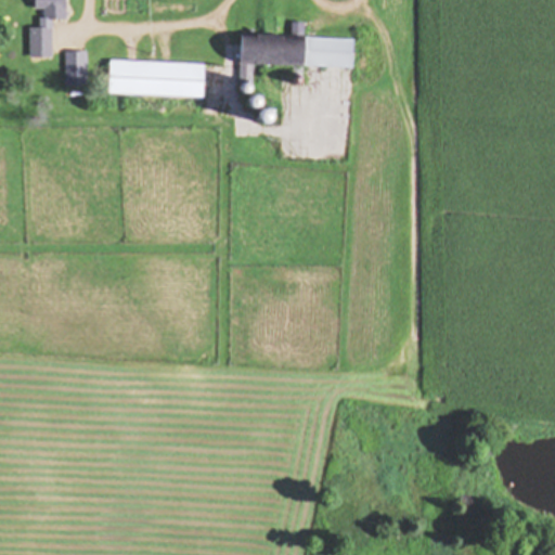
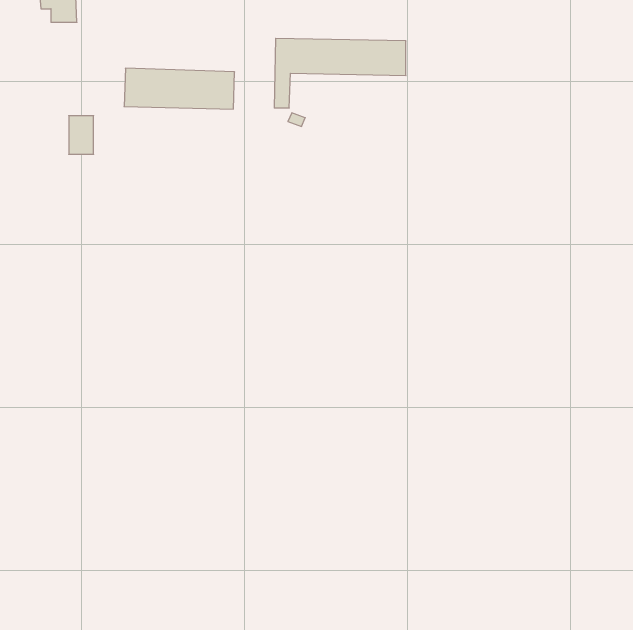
building: [30,26,52,56] -> none
building: [66,51,88,85] -> [69,116,94,154]

